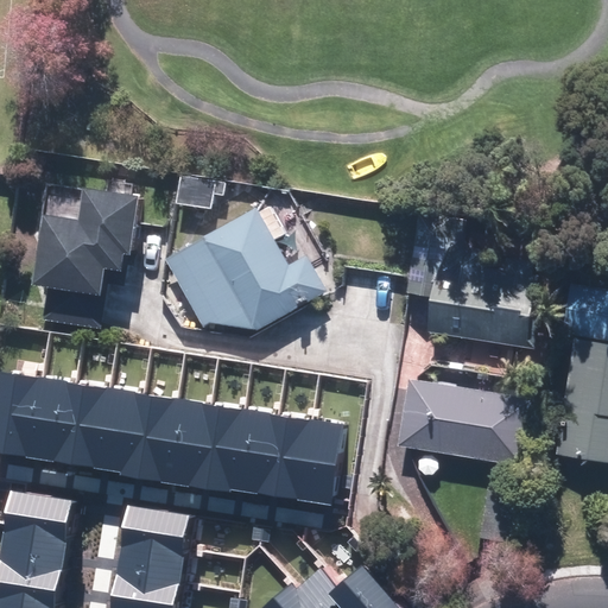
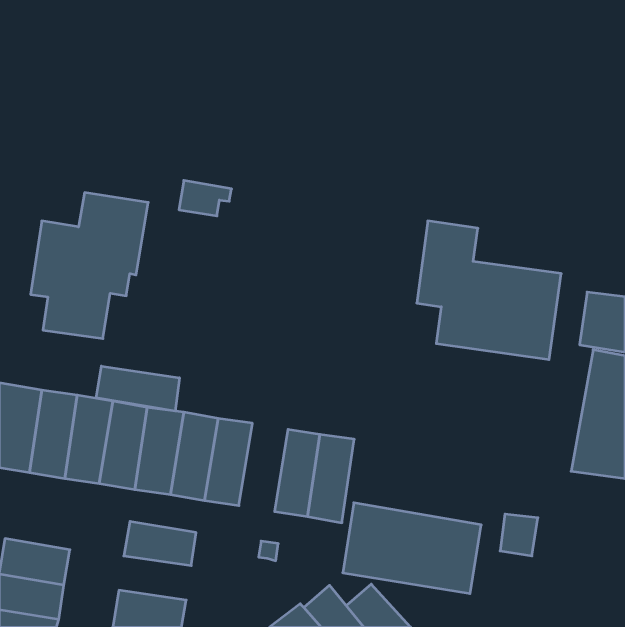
building: [171,204,335,327] -> none
building: none -> [96,366,179,411]
building: [397,379,531,467] -> [343,503,481,594]
building: [232,410,279,495] -> none
building: [5,489,72,532] -> none
building: [115,538,185,581] -> none

